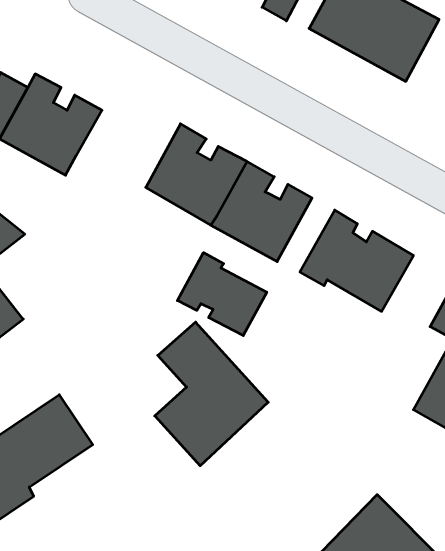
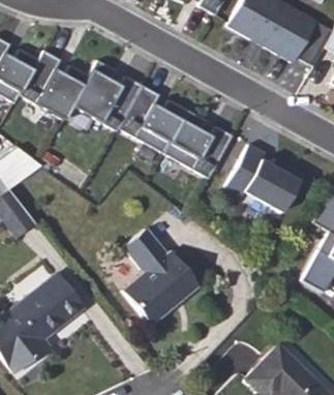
building: none -> [72,64,144,135]
building: [177,253,267,336] -> none

